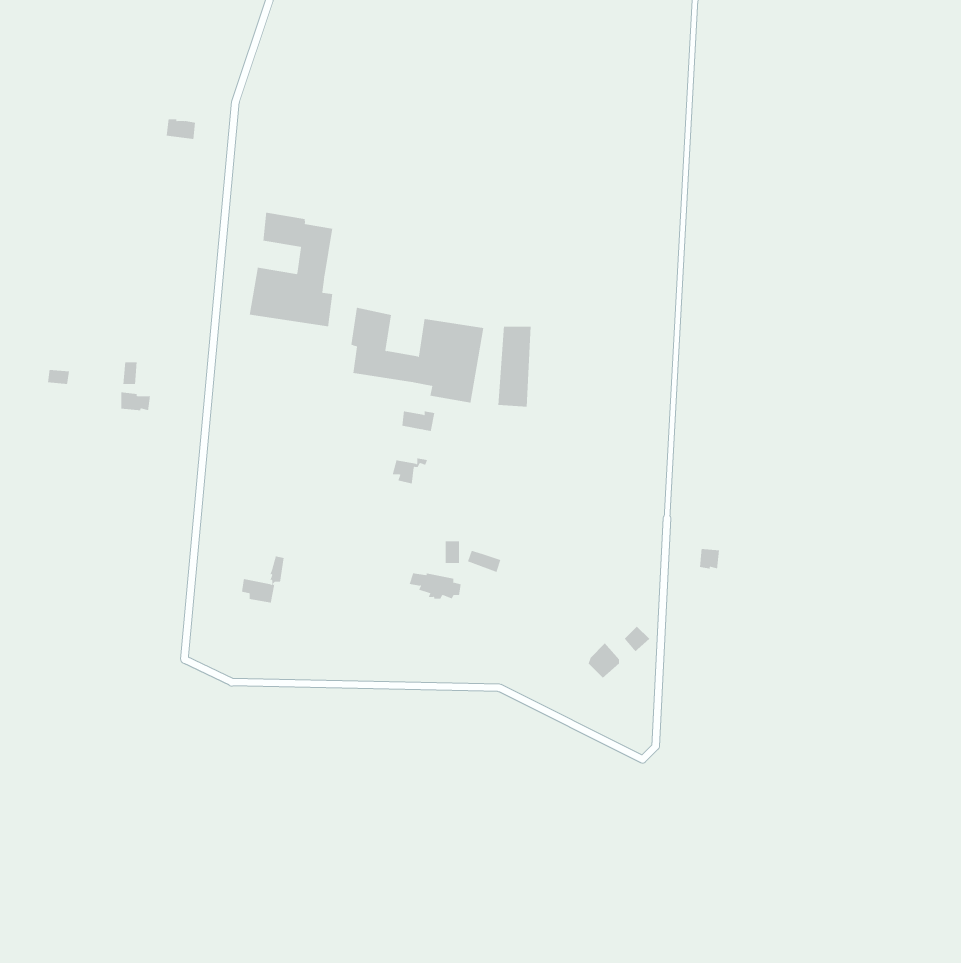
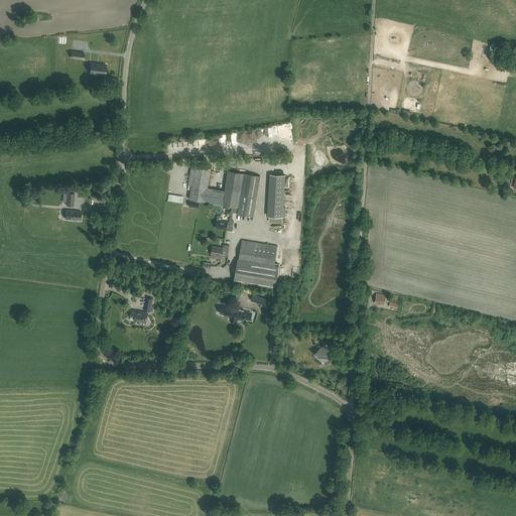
building: [249,212,333,327] -> none
building: none -> [233,240,278,289]

